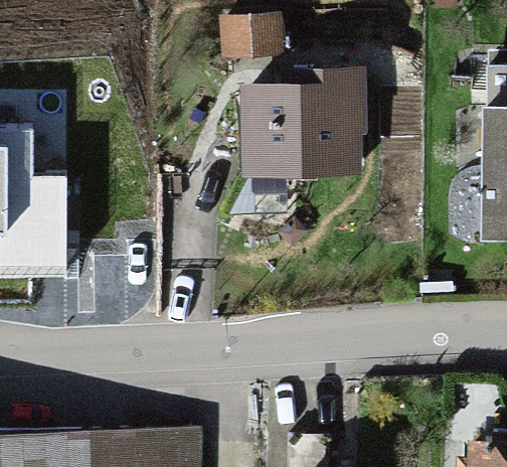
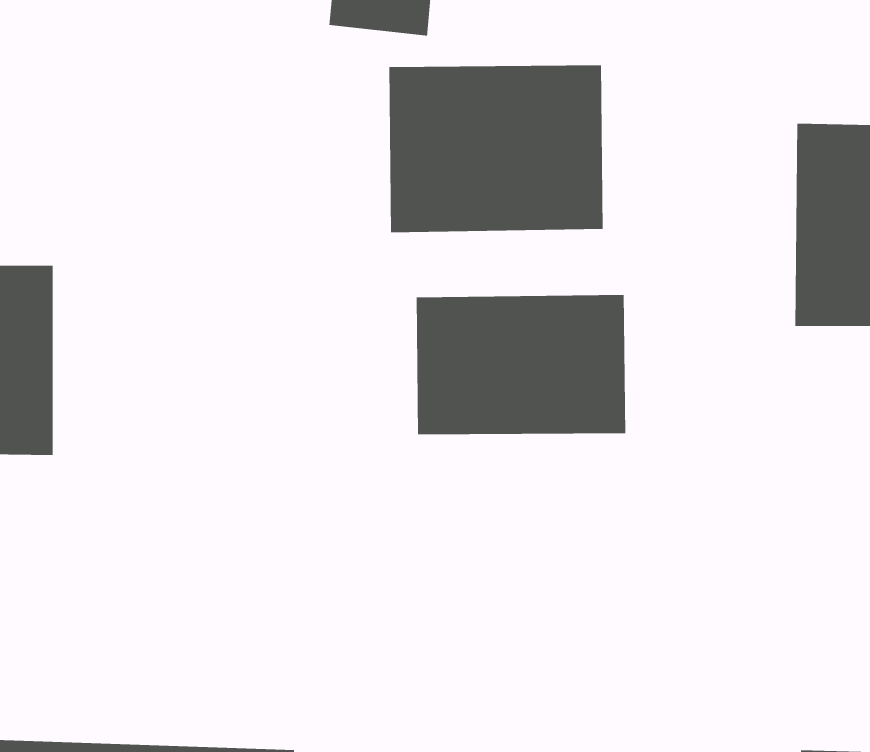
building: none -> [416,294,626,435]

